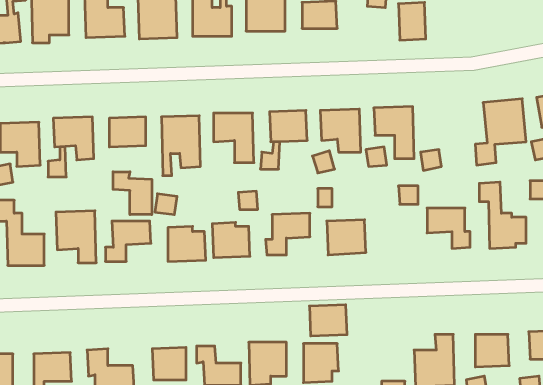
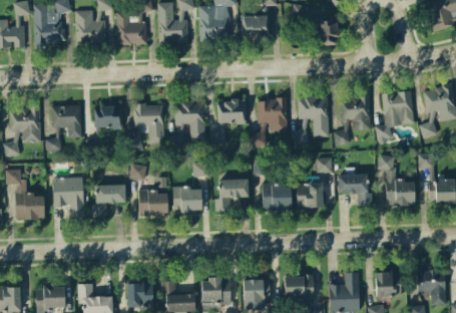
building: none -> [340,96,370,129]
building: [113,172,152,215] -> none
building: none -> [296,183,322,208]
building: [309,305,347,336] -> [284,275,313,299]

